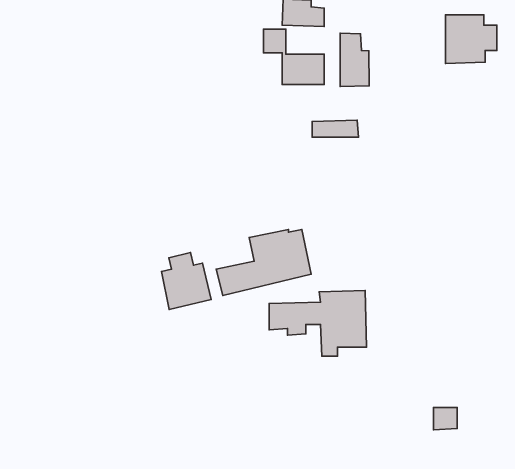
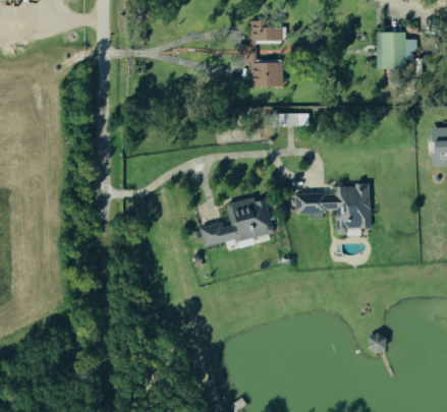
building: [340,33,369,86] -> none
building: [161,253,211,310] -> none
building: [269,290,367,356] -> [295,184,371,235]

